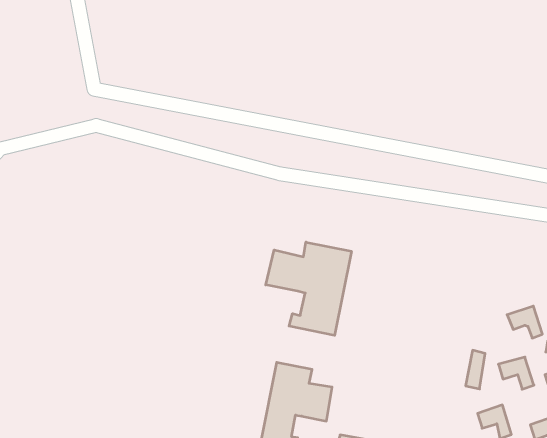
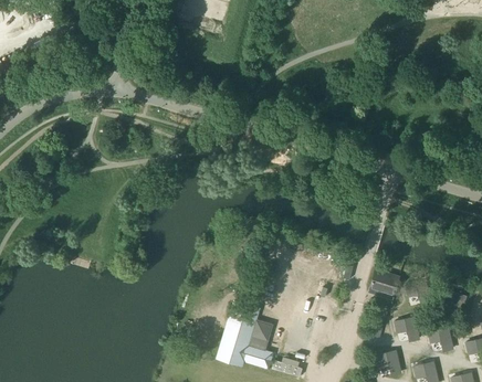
building: [266,242,351,335] -> none
building: none -> [369,269,400,299]

